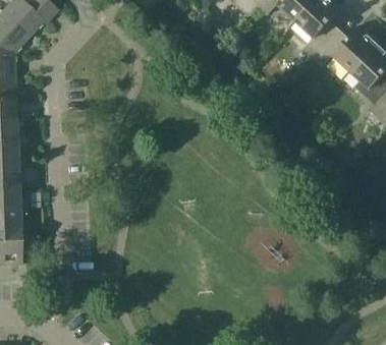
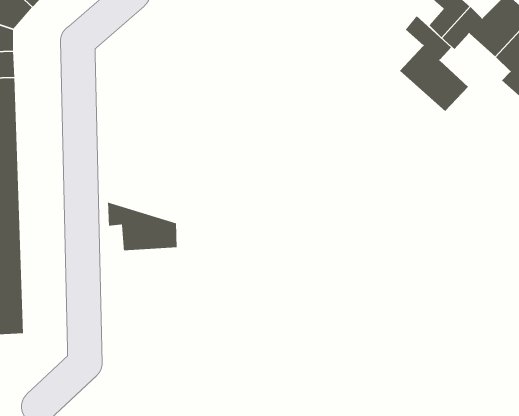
building: none -> [399,15,469,112]
building: none -> [107,201,178,251]

